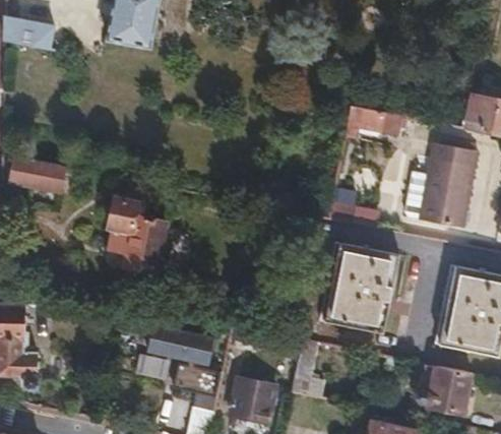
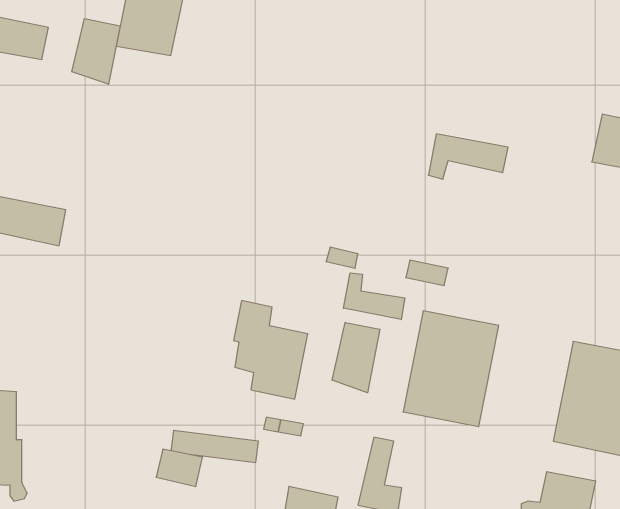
building: none -> [72,19,120,84]
building: [421,142,480,229] -> none
building: [110,197,167,272] -> [234,301,308,399]
building: none -> [344,273,405,320]
building: none -> [332,322,380,393]

